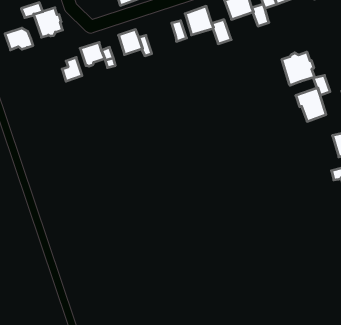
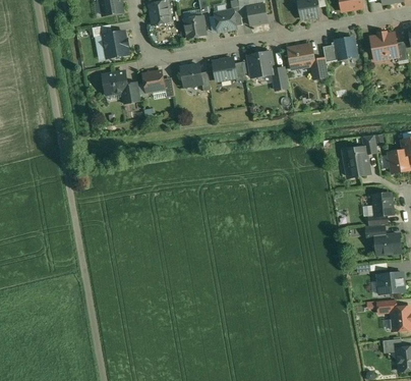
building: none -> [213,58,236,80]
building: [5,28,33,50] -> [103,72,128,93]
building: [282,52,314,85] -> none

